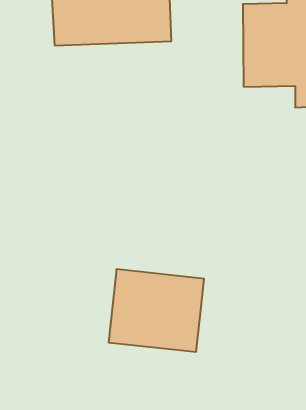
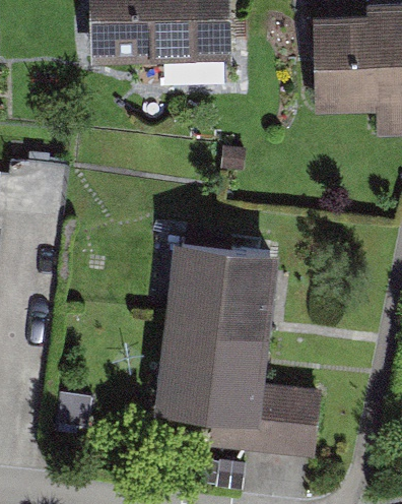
building: none -> [165,240,279,337]
building: none -> [209,385,322,459]

